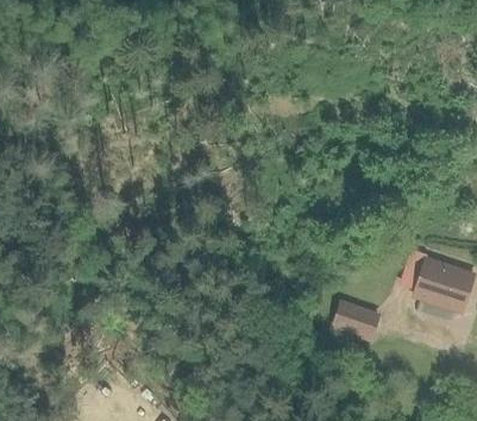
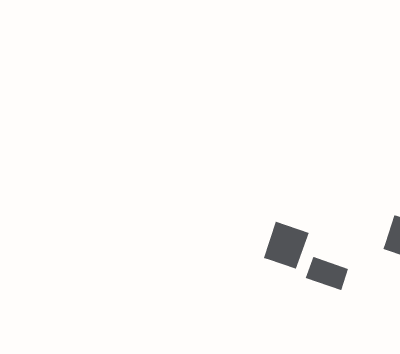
building: none -> [263,221,309,270]

